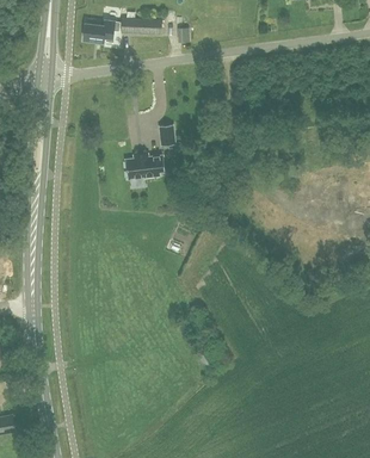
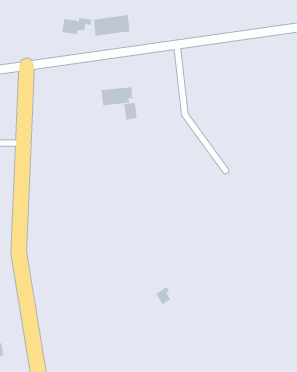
building: [124,155,164,178] -> [101,87,133,106]

